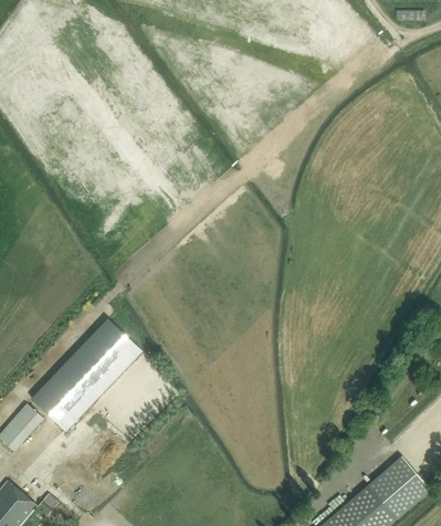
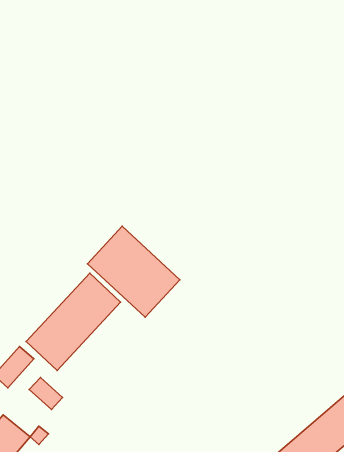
building: none -> [88,226,180,317]
building: none -> [29,378,63,409]

